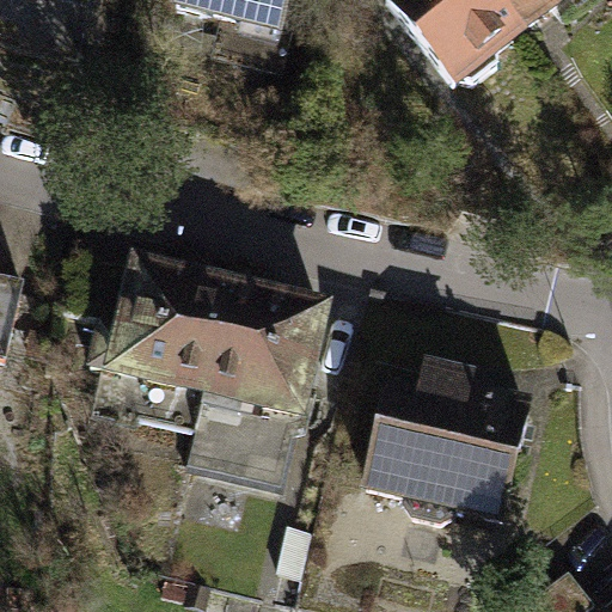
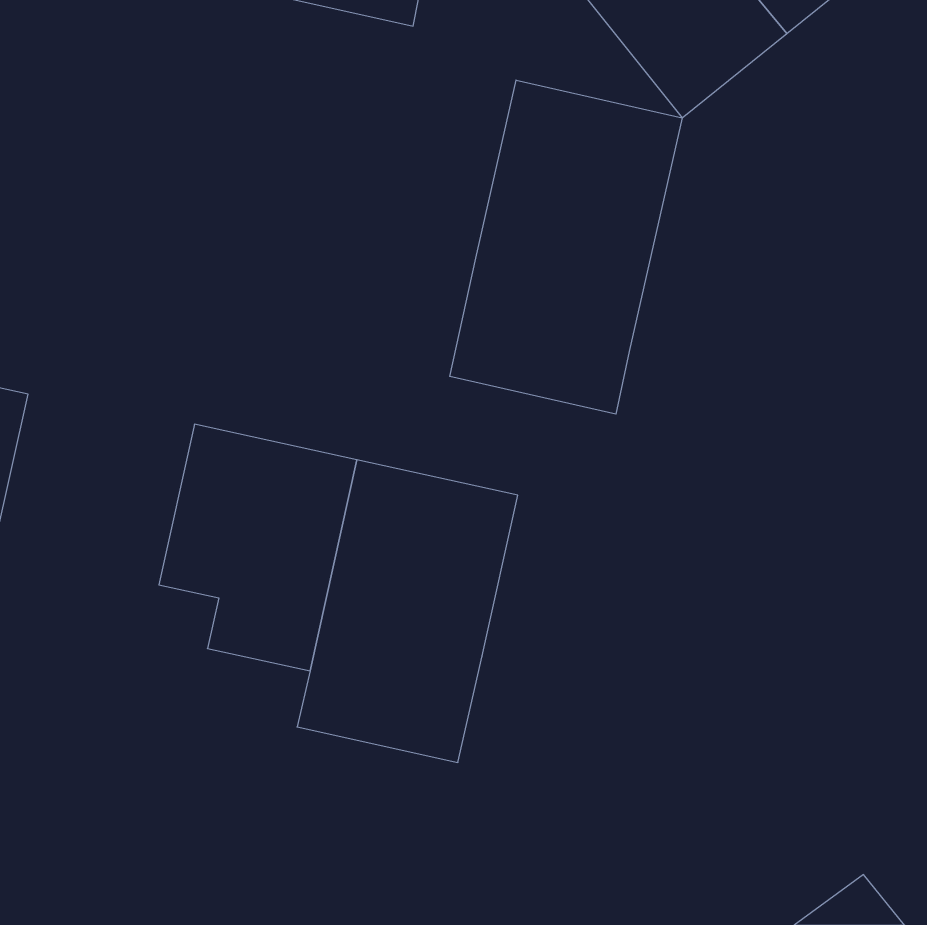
building: none -> [450,80,682,414]
building: [349,361,534,525] -> none

